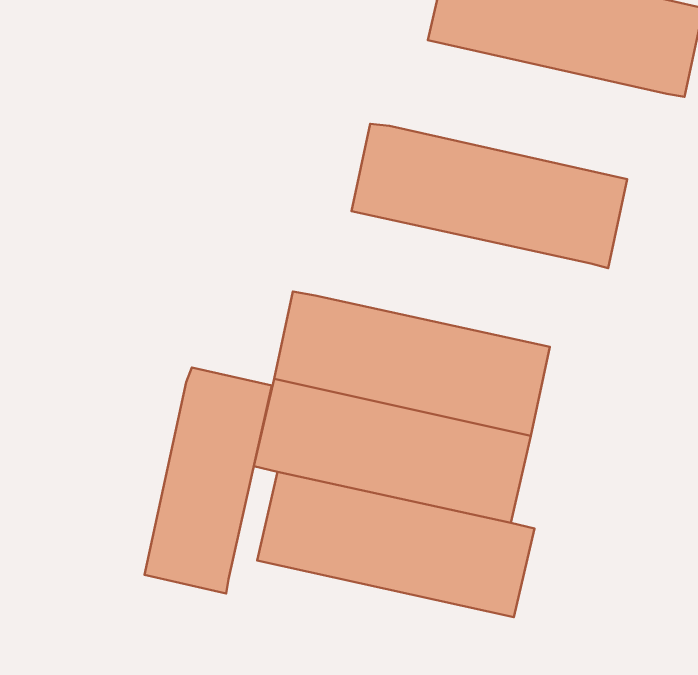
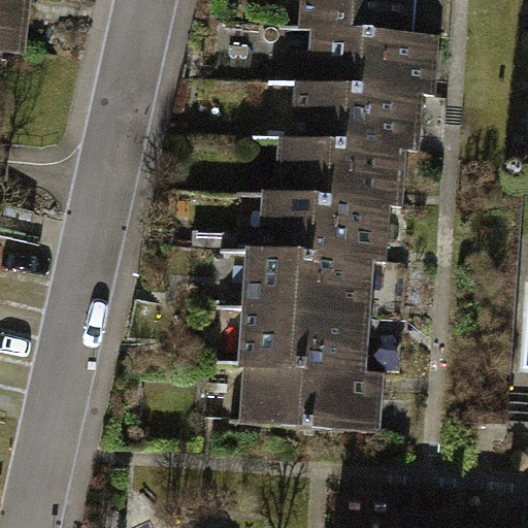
building: none -> [258,78,428,143]
building: none -> [230,194,399,258]
building: [144,367,272,593] -> none

